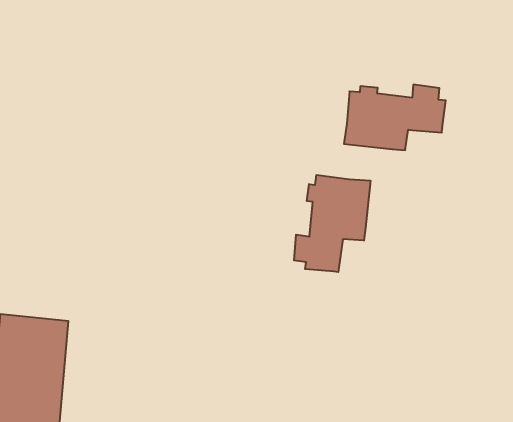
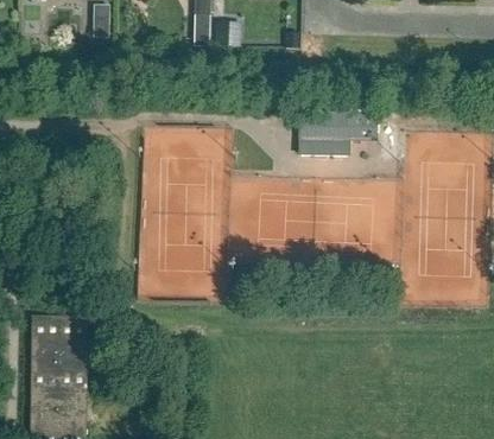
building: [294,175,370,272] -> none

